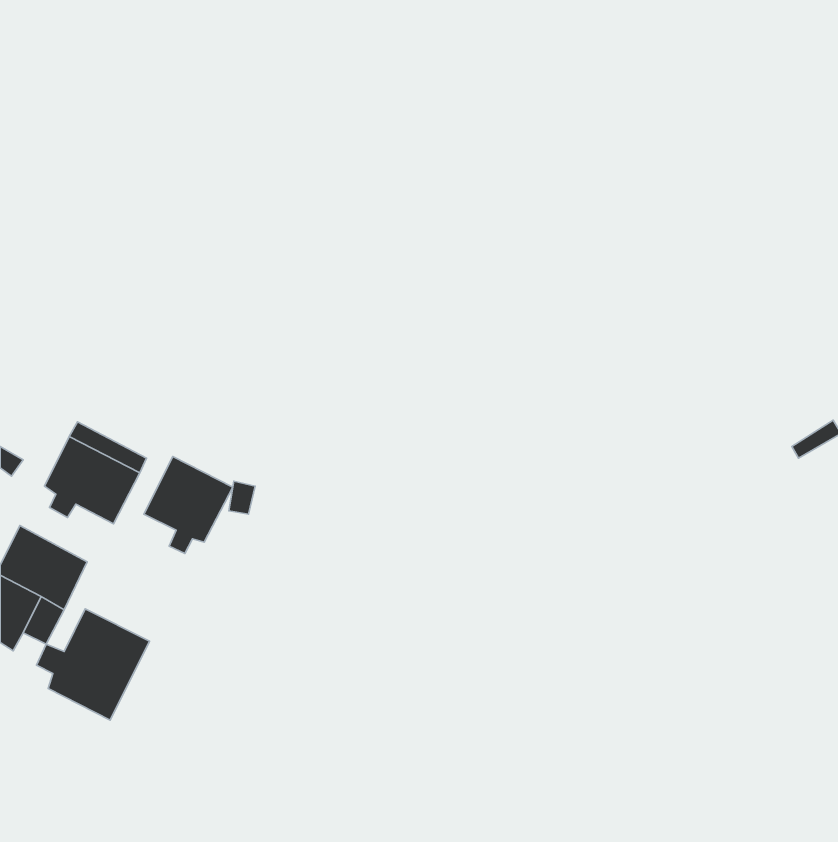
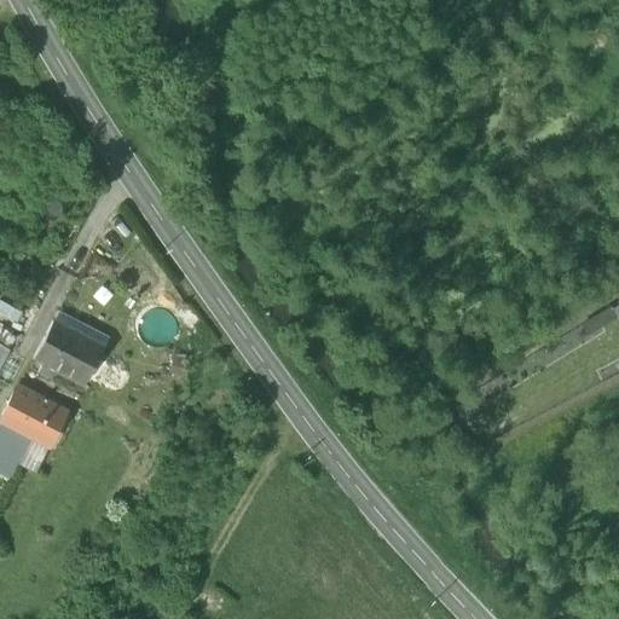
building: [144,457,233,553] -> none
building: [36,609,150,720] -> none

